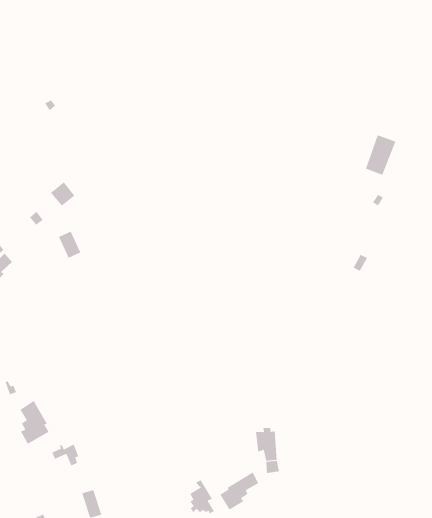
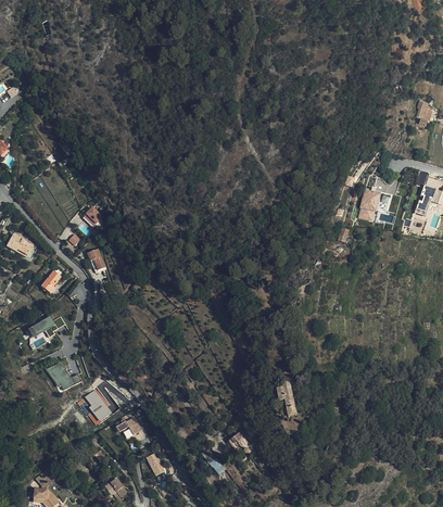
building: [365,135,396,176] -> [357,189,379,221]
building: [220,472,259,510] -> none

